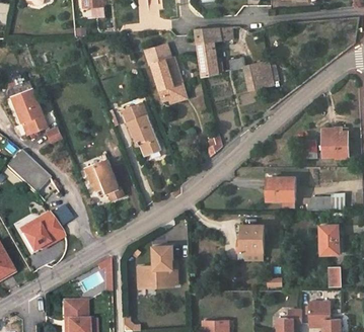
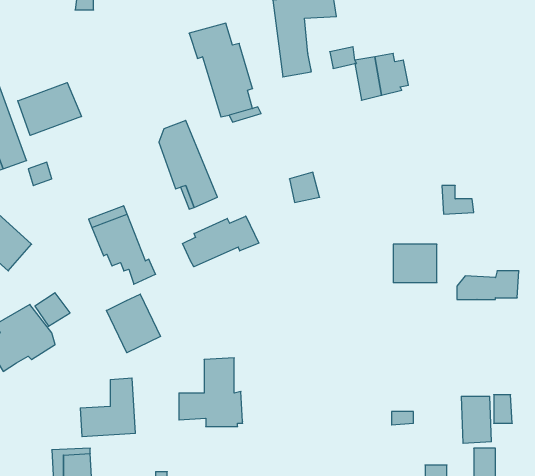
building: none -> [18,83,81,135]
building: [323,128,349,158] -> none
building: none -> [182,216,259,267]
building: none -> [106,294,161,353]
building: [236,225,264,251] -> none
building: [320,226,339,254] -> [461,396,491,443]

